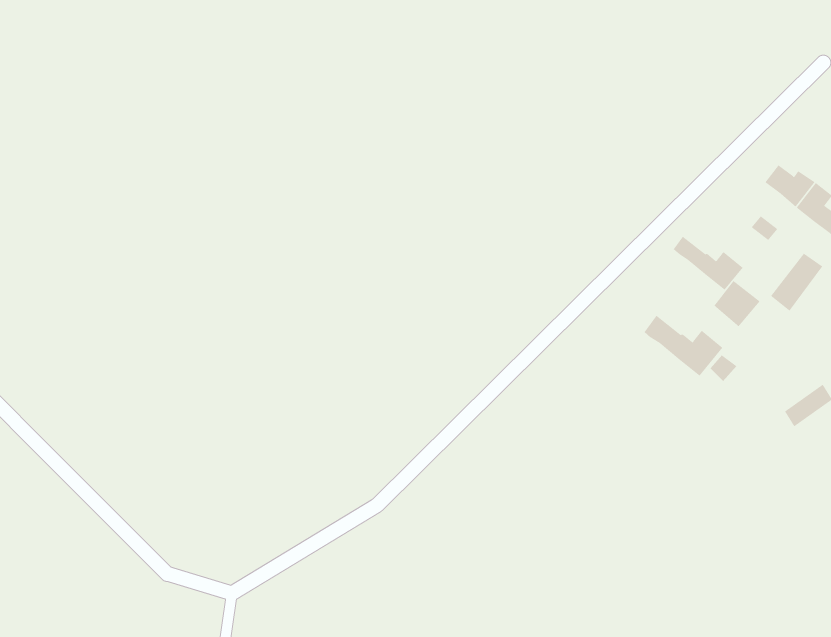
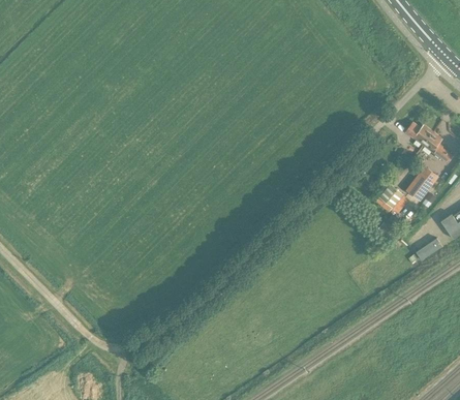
building: [673,236,744,291] -> none
building: [644,315,723,377] -> none

